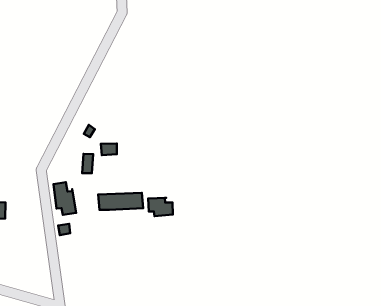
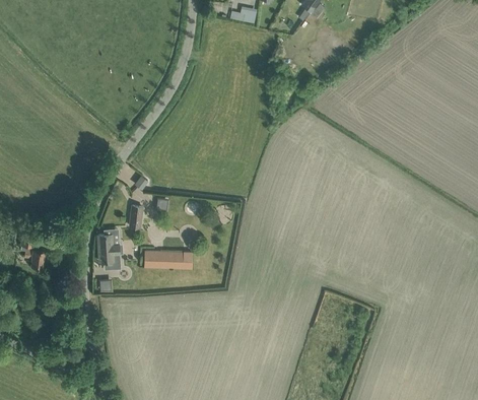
building: [148,198,173,216] -> none

